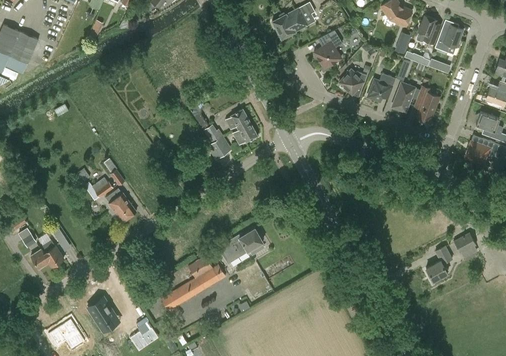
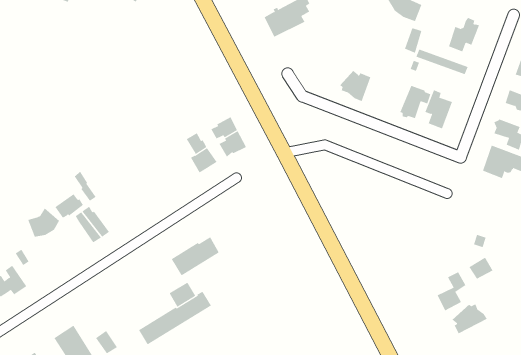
building: [416,15,441,44] -> none
building: [314,30,343,69] -> none
building: [367,73,396,102] -> none
building: none -> [28,207,60,238]
building: [219,228,262,263] -> [171,237,220,276]
building: none -> [451,303,487,334]

